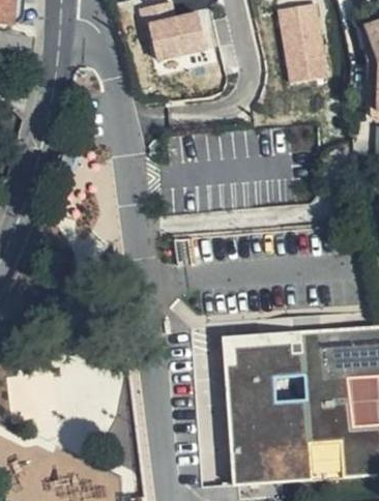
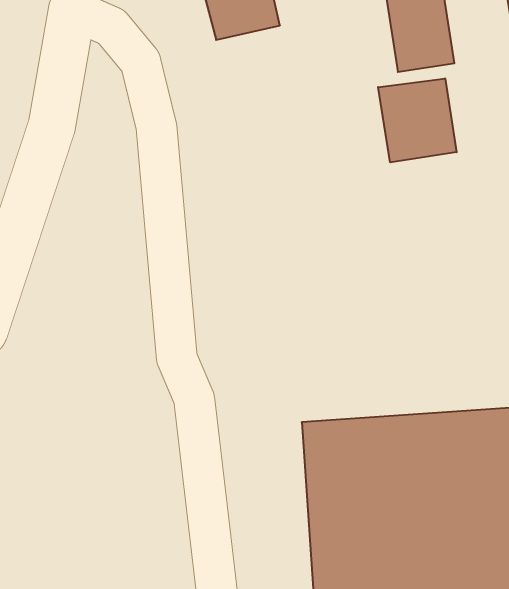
building: none -> [378,78,457,162]

